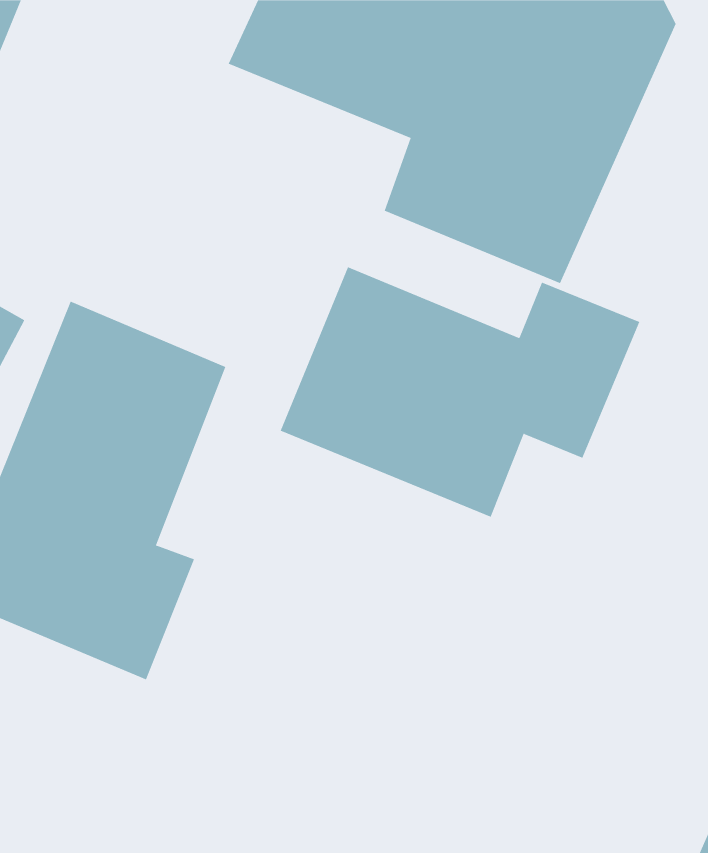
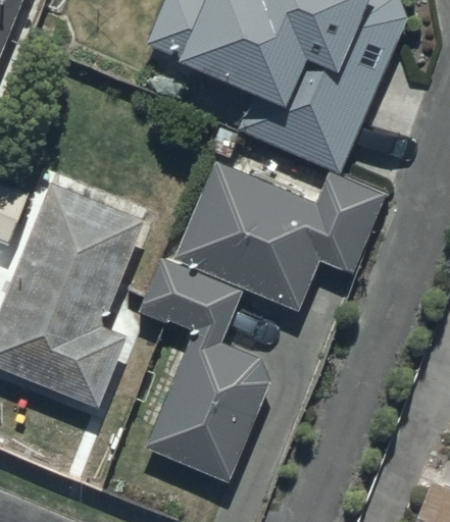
building: none -> [137,255,272,482]

